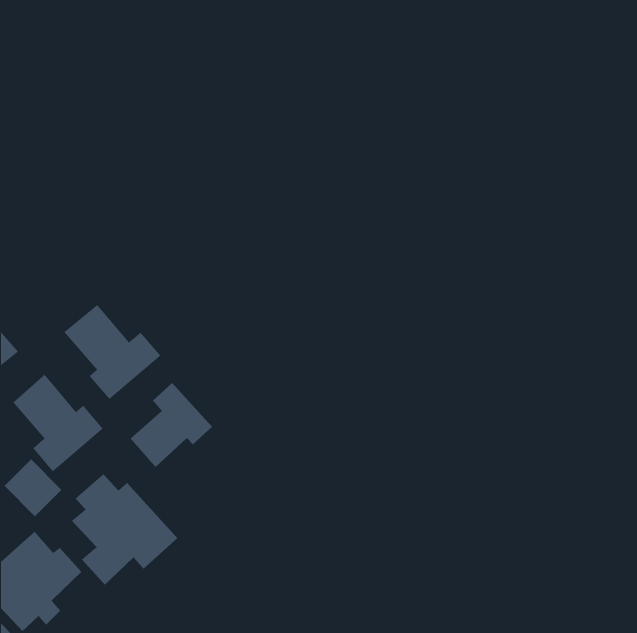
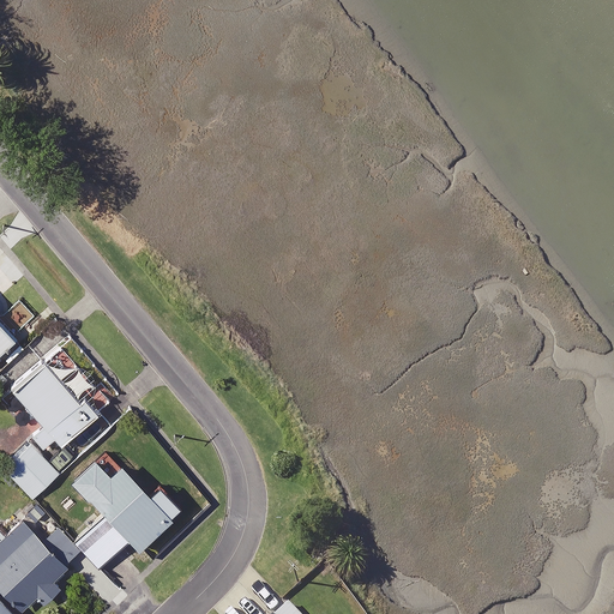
building: [63,304,161,400] -> none
building: [130,382,213,468] -> none

